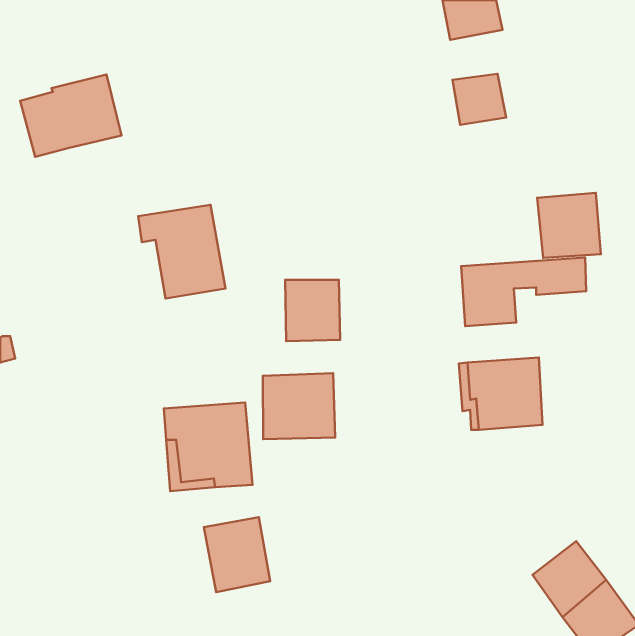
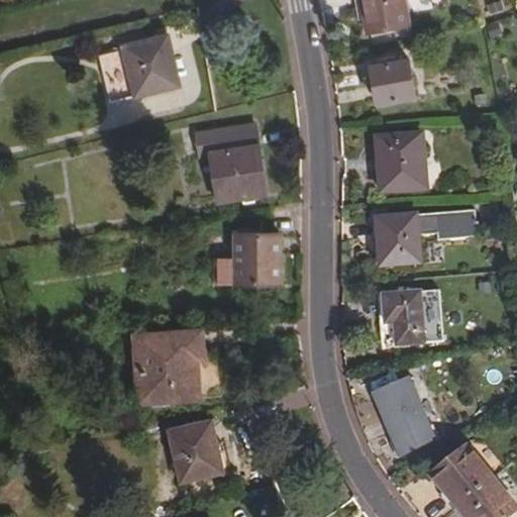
building: [20,74,121,157] -> [98,47,180,114]
building: [537,193,601,258] -> [376,137,427,190]
building: [138,205,226,298] -> [192,126,263,202]
building: [263,373,335,439] -> none
building: none -> [376,374,438,449]

